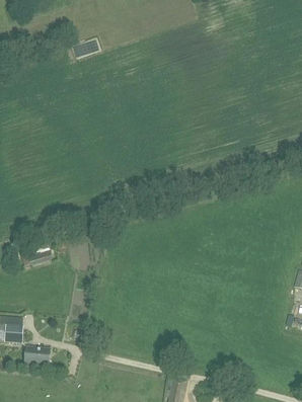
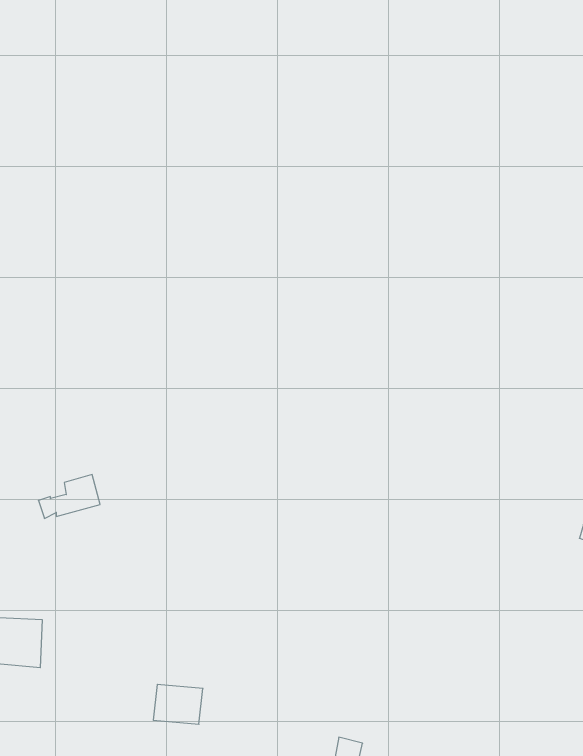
building: [23,346,49,367] -> [153,684,203,724]

